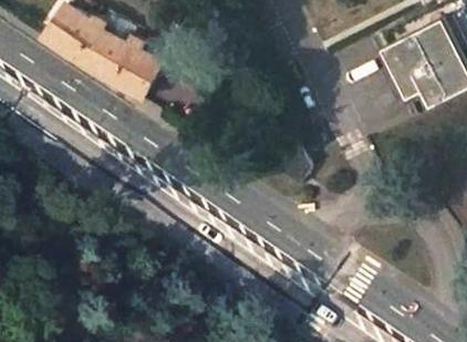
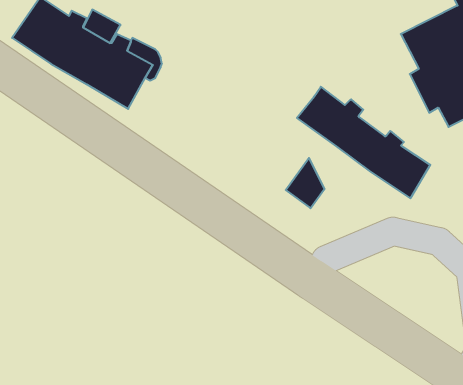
building: none -> [297,87,430,198]

